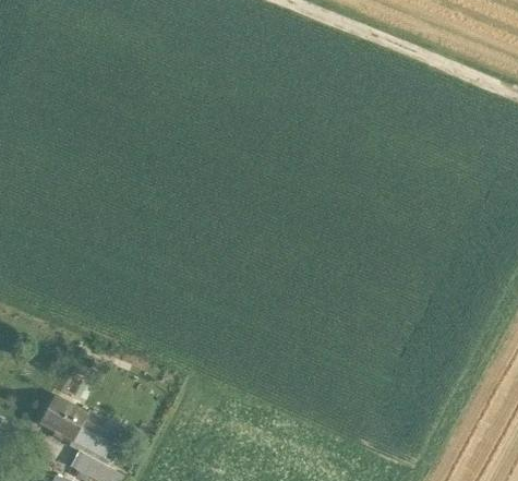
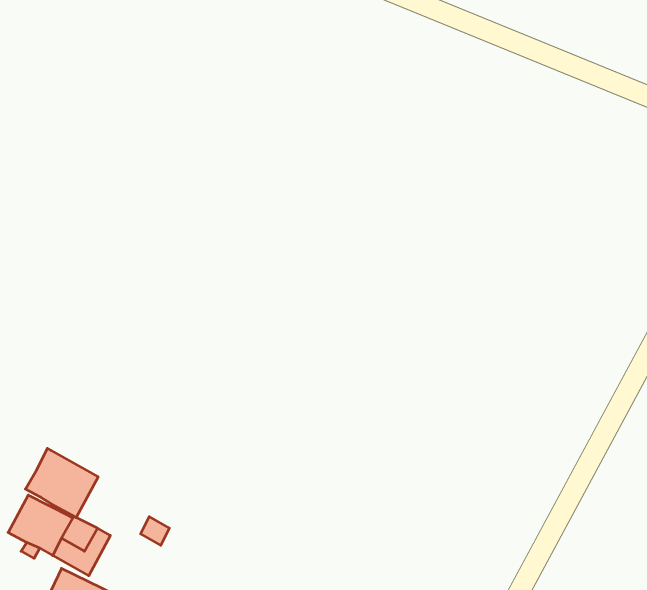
building: none -> [25,448,98,518]

